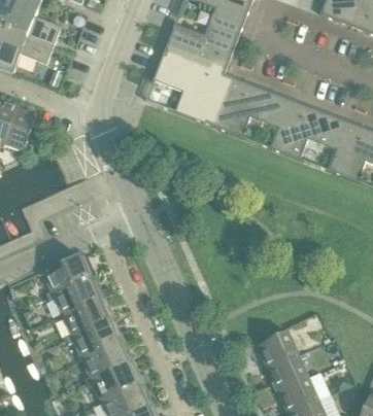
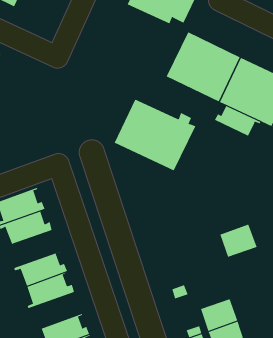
building: [145,50,231,124] -> [114,99,196,171]
building: none -> [214,104,261,137]
building: [62,296,114,339] -> none
building: [257,330,298,367] -> [220,224,258,257]
building: [84,359,143,401] -> none

